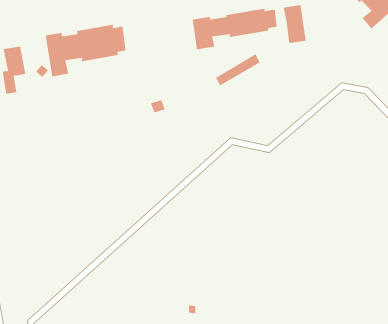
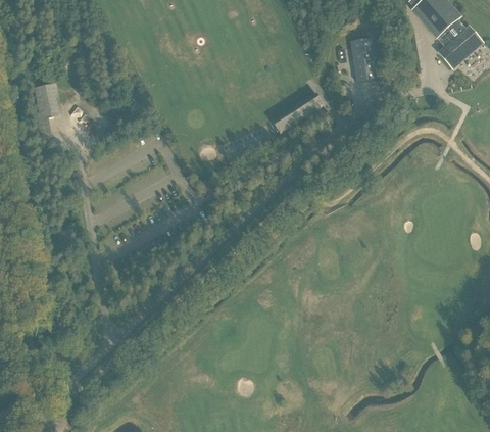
building: [189,8,277,50] -> none
building: [42,24,126,78] -> none

